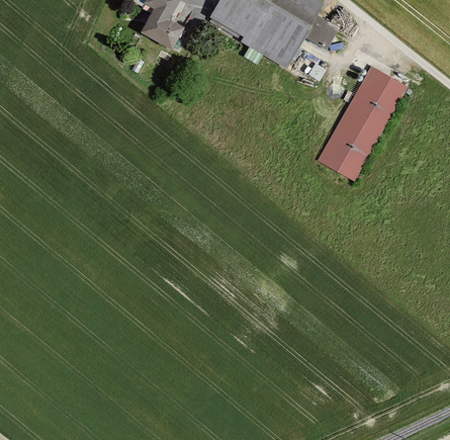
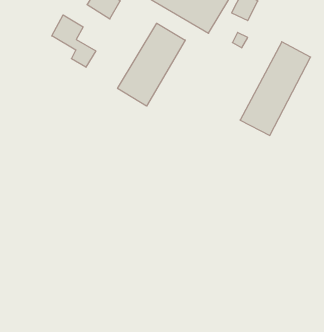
building: none -> [52,15,96,67]
building: none -> [118,23,185,106]

